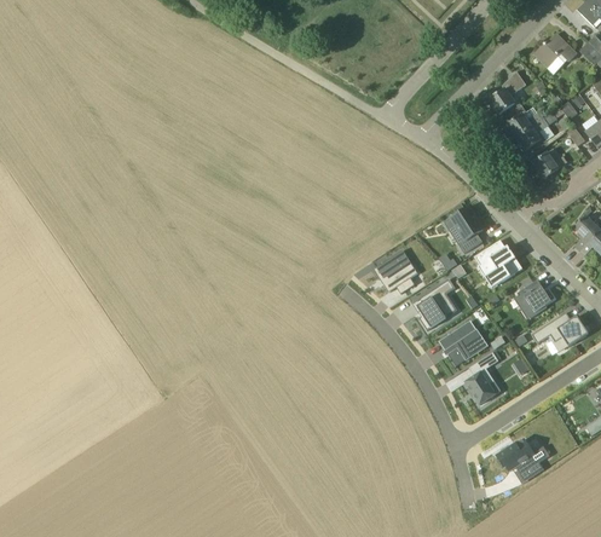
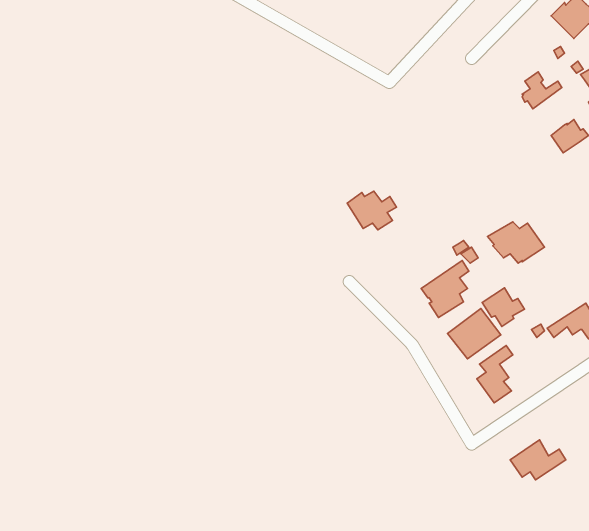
building: [489,74,522,114] -> none
building: [516,112,556,157] -> none
building: [447,209,482,253] -> none
building: [380,254,424,289] -> [347,191,396,230]
building: [512,273,550,308] -> [482,288,525,326]

